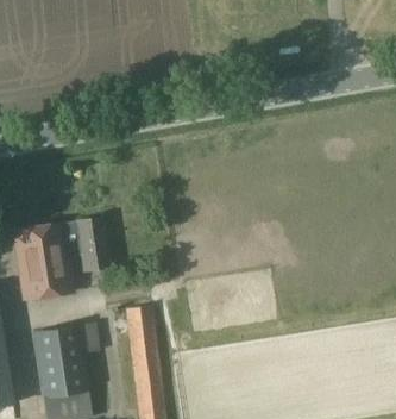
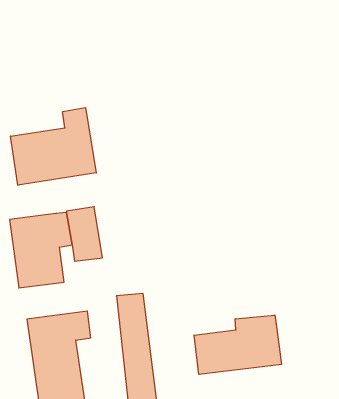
building: none -> [11,108,96,185]
building: none -> [194,315,281,374]

